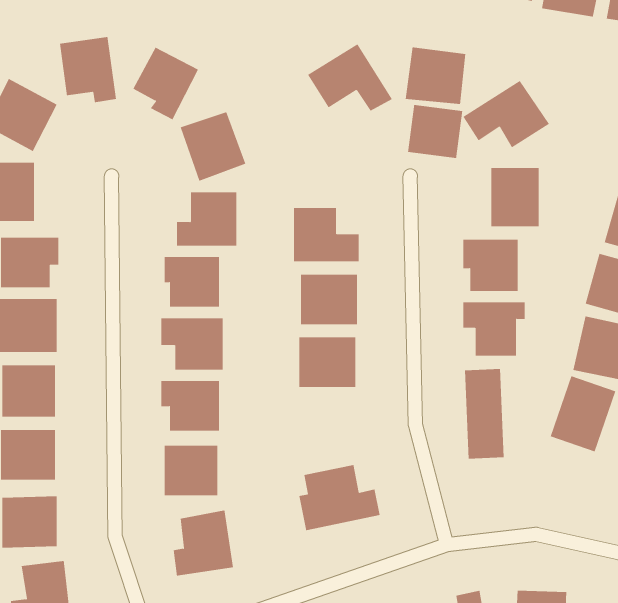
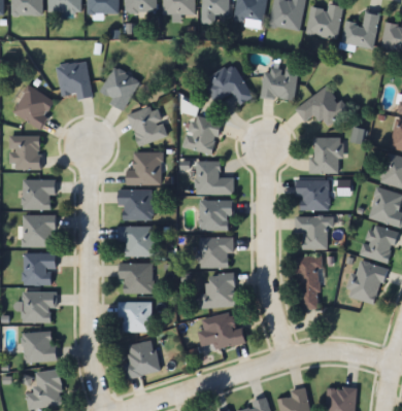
building: [408,104,463,159] -> none
building: none -> [183,115,222,155]
building: none -> [202,275,236,309]

